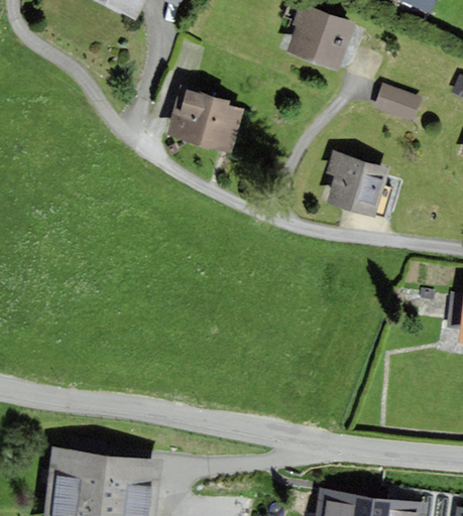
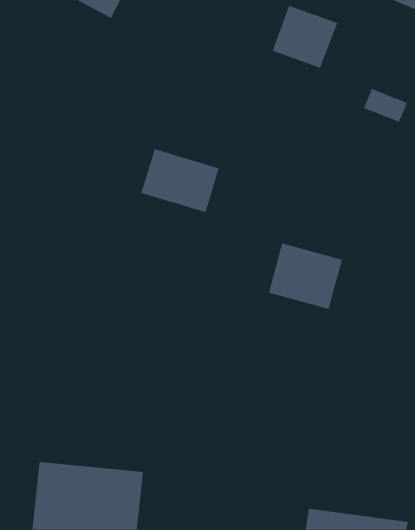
building: [167,92,244,154] -> [141,148,220,213]
building: [329,154,401,219] -> [268,243,343,309]

